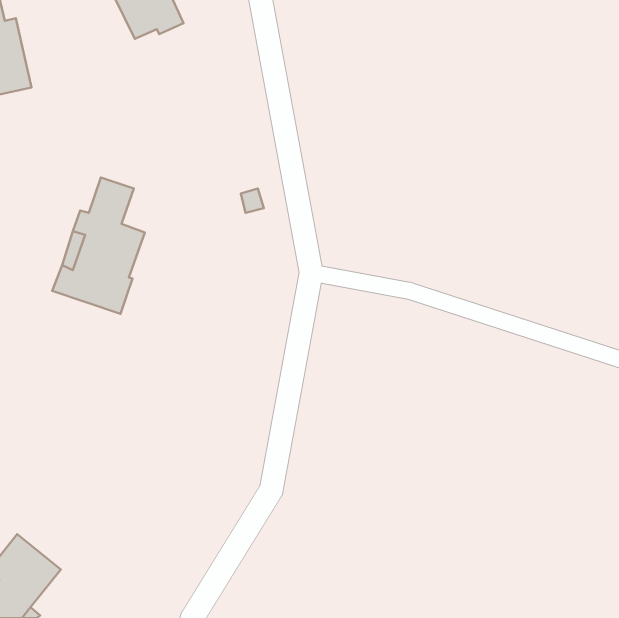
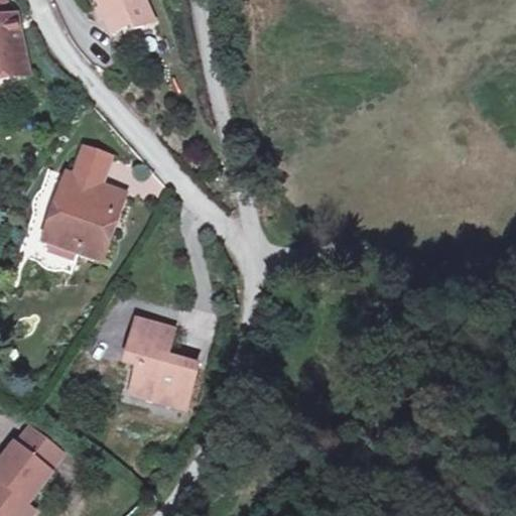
building: none -> [124,319,196,407]
building: none -> [14,423,66,472]

